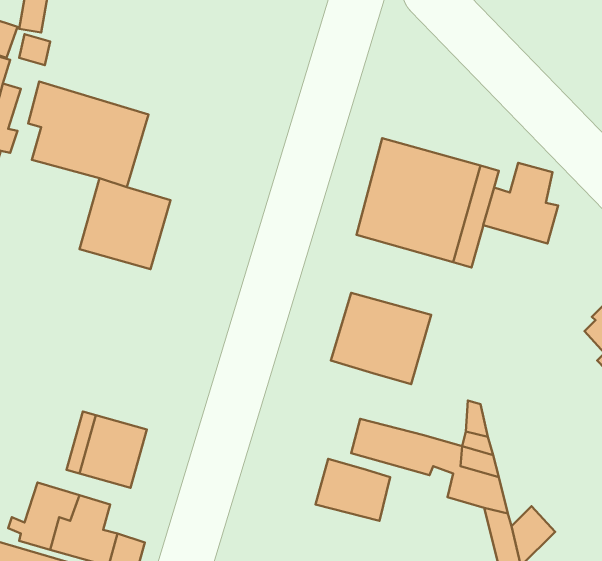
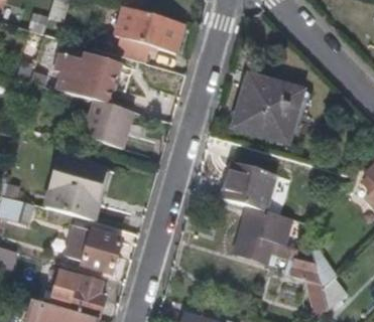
building: none -> [111,7,180,63]
building: [483,163,558,243] -> none
building: none -> [45,154,110,217]
building: [316,459,390,521] -> [238,206,279,240]

